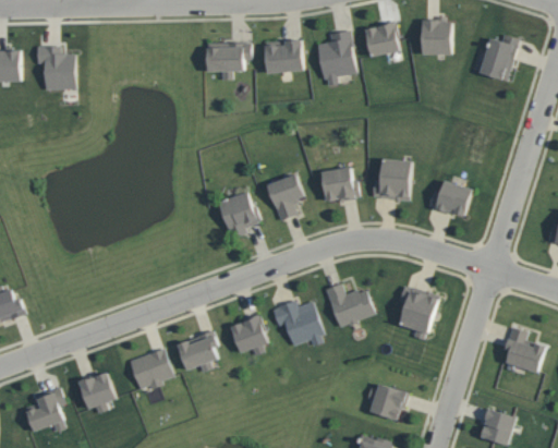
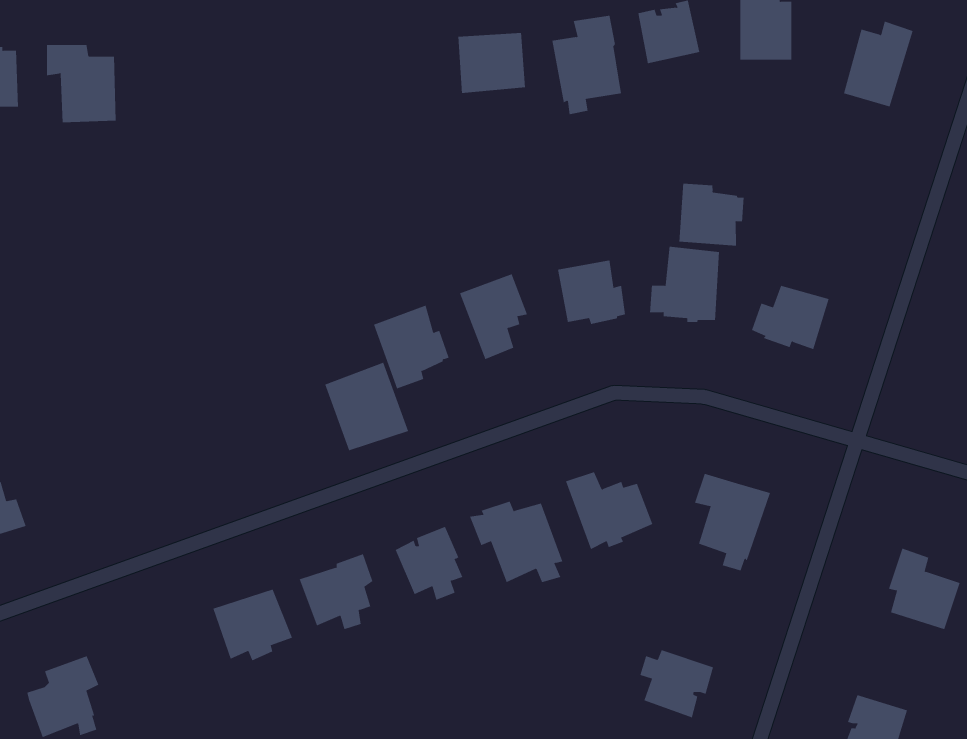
building: [205,41,251,80] -> none
building: none -> [679,183,744,247]
building: none -> [324,362,409,451]
building: [77,372,114,412] -> none

